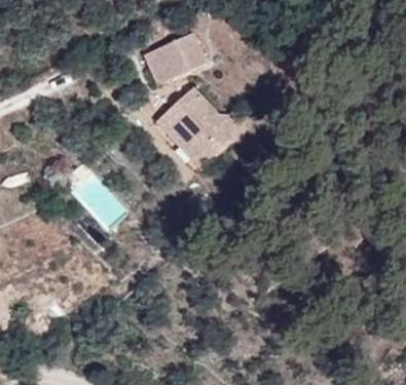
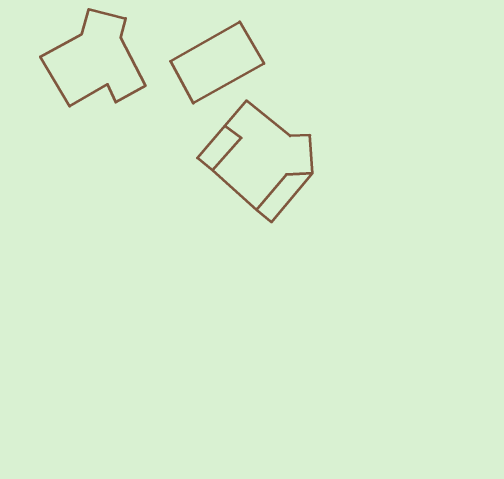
building: none -> [40,9,145,106]

